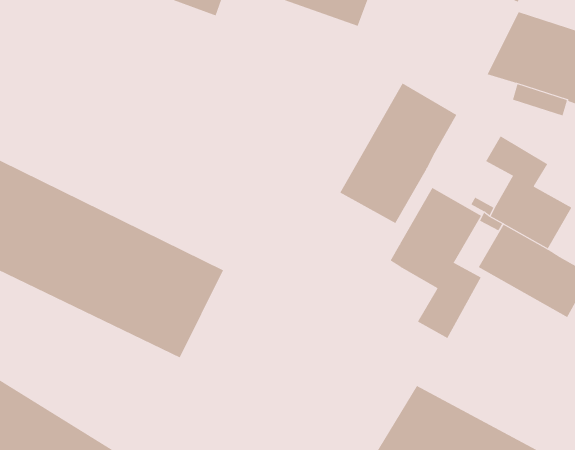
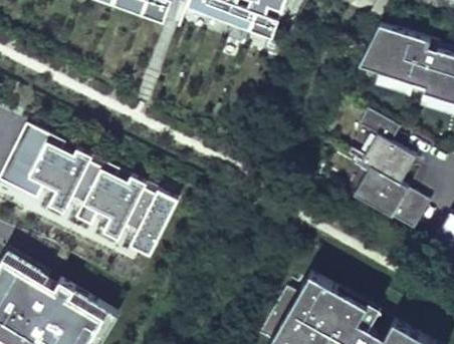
building: [339,83,457,224] -> none
building: [390,187,482,339] -> none

